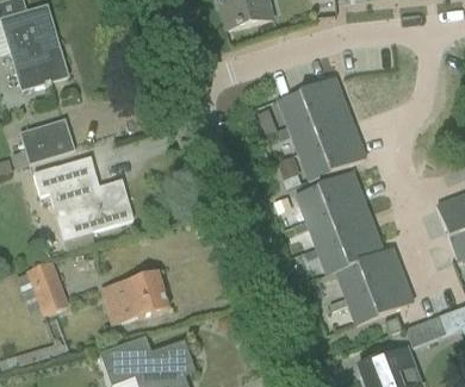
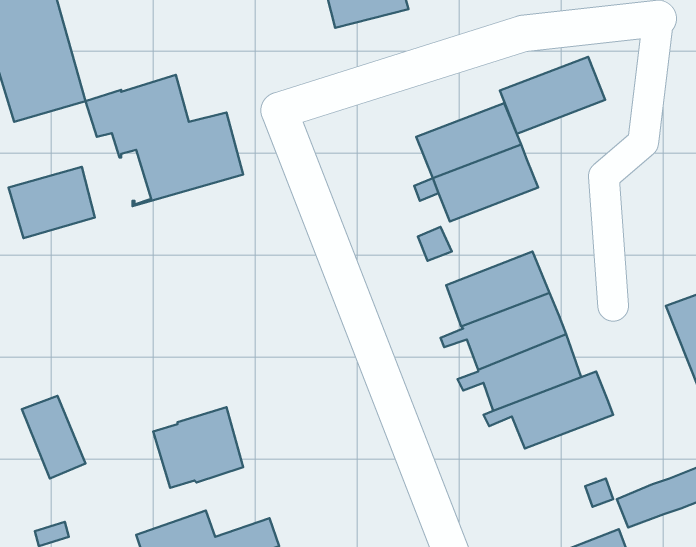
building: [299,131,366,180] -> [500,57,605,134]
building: [33,156,134,239] -> [86,75,243,206]
building: [334,275,413,324] -> none

